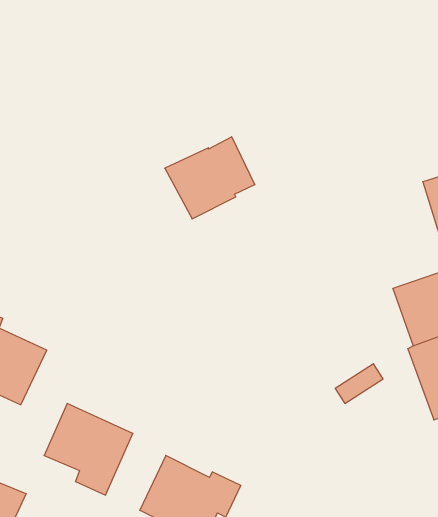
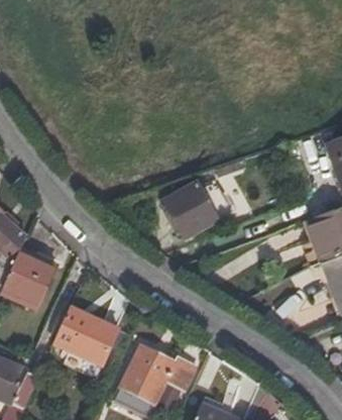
building: [165,137,255,219] -> [162,178,229,238]

